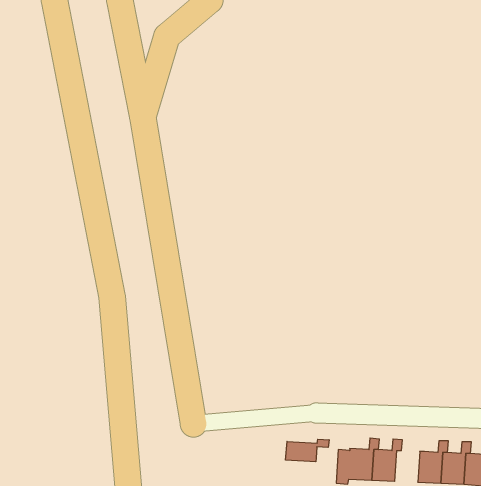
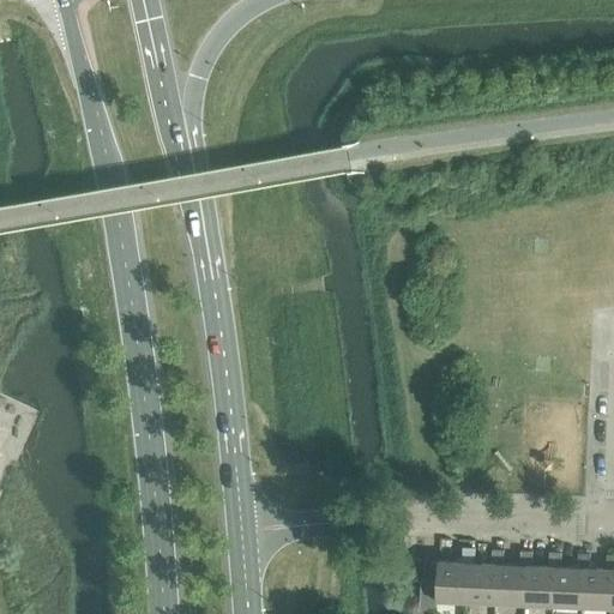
building: [286,439,329,462] -> none
building: none -> [505,555,543,608]

